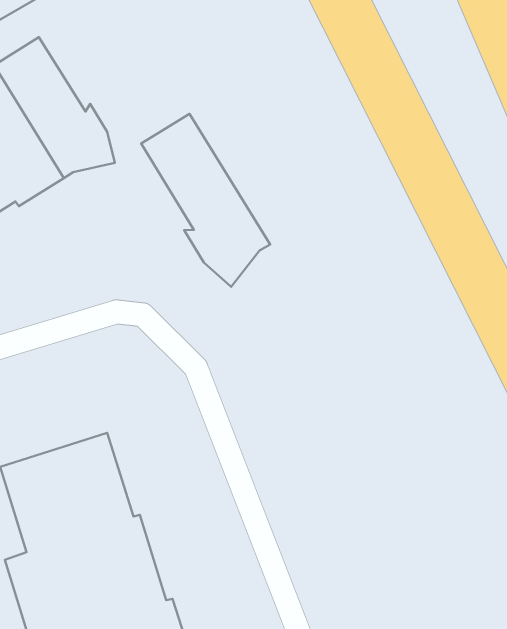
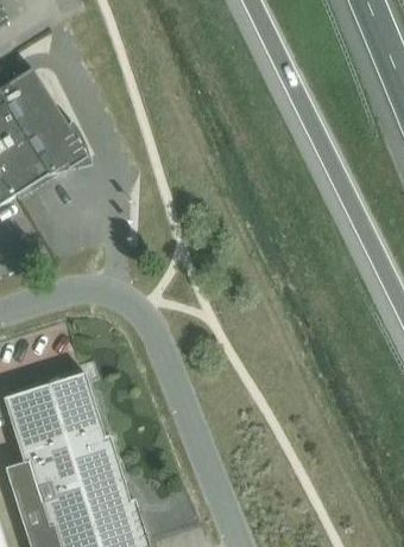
building: [141,114,270,287] -> none

